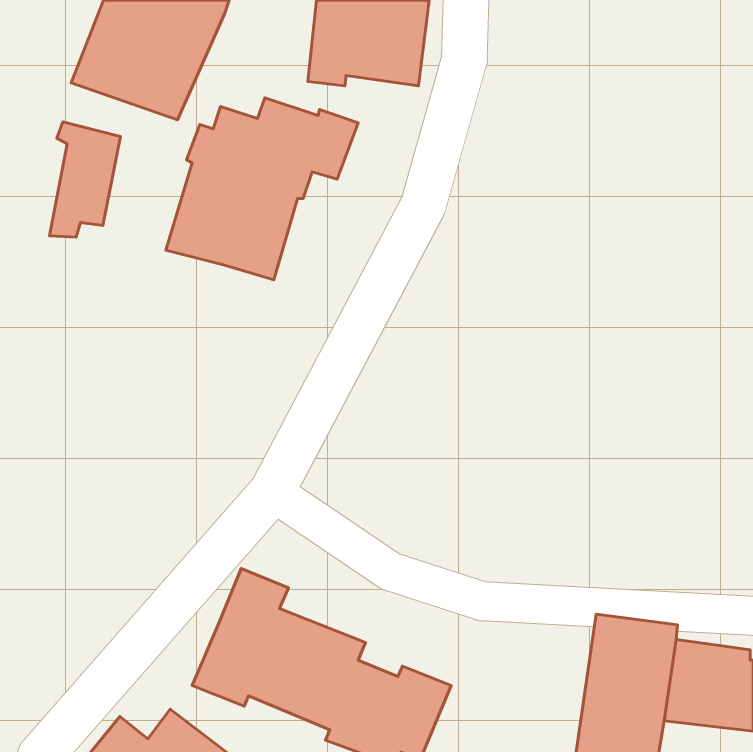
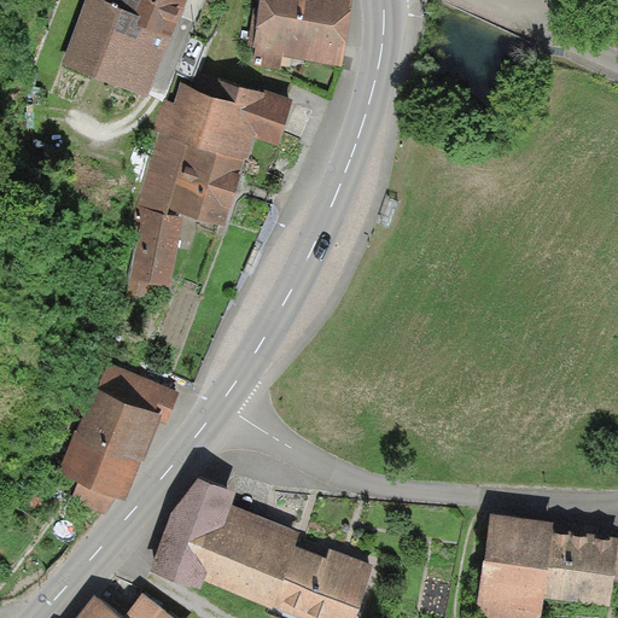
building: [49,122,120,237] -> [124,208,182,302]
building: none -> [60,366,177,511]

